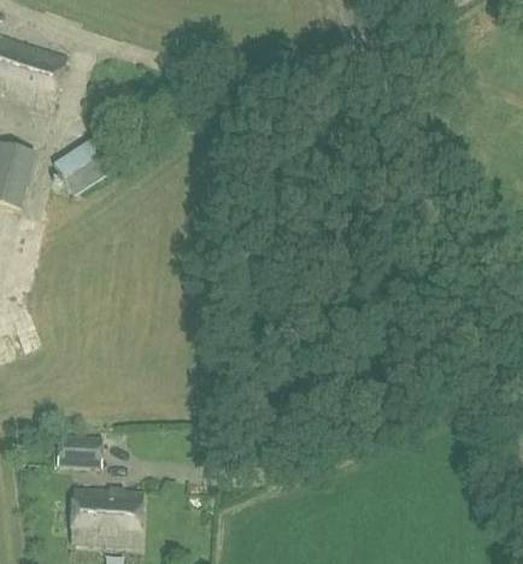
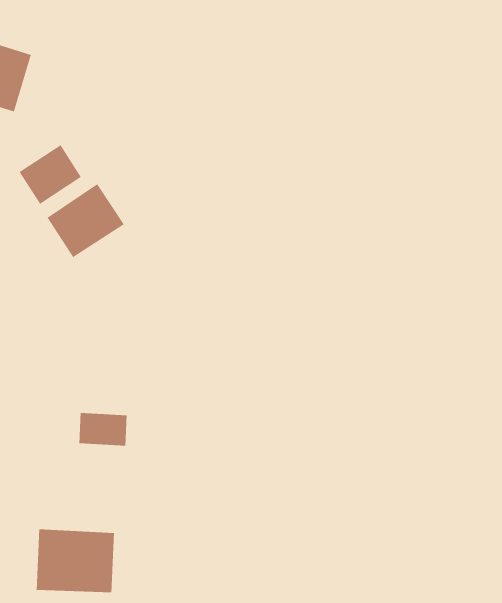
building: none -> [46,183,125,258]
building: [57,436,101,468] -> [78,412,127,447]

